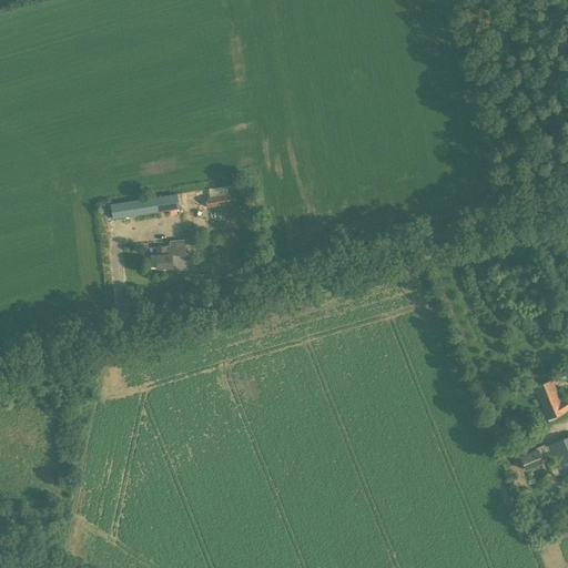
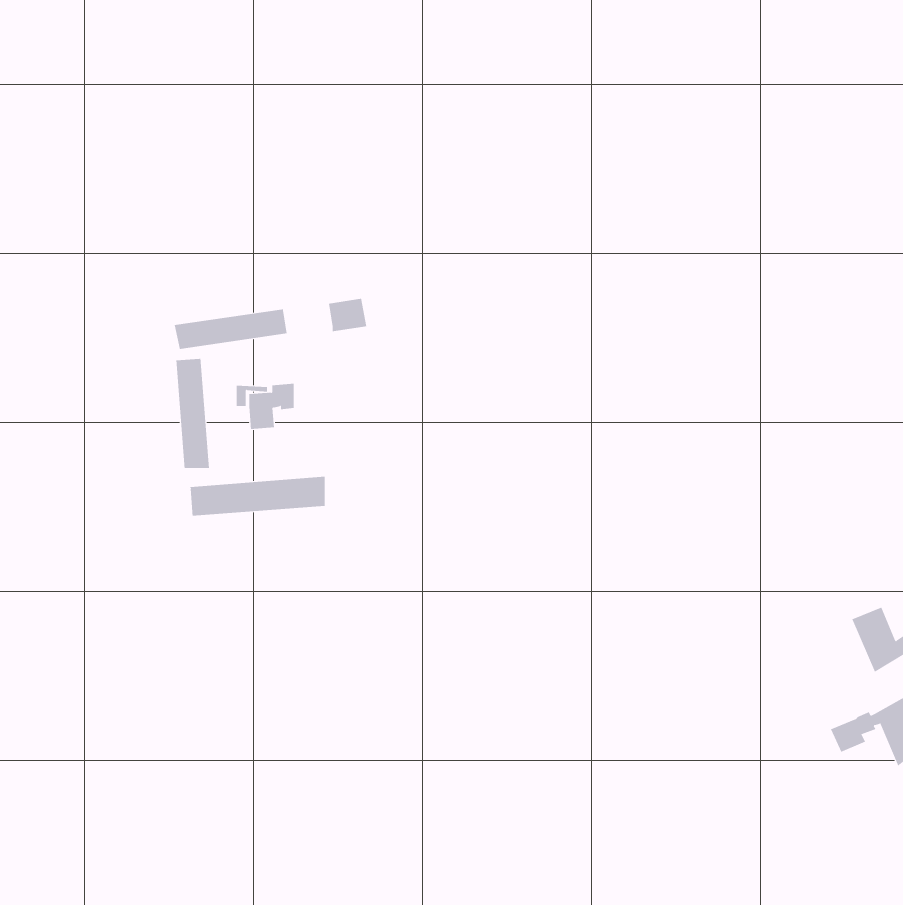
building: none -> [176,358,209,469]
building: none -> [190,476,325,516]

